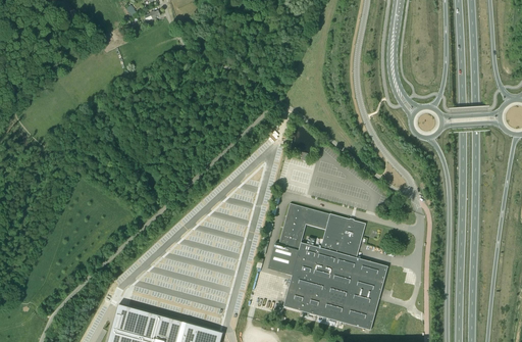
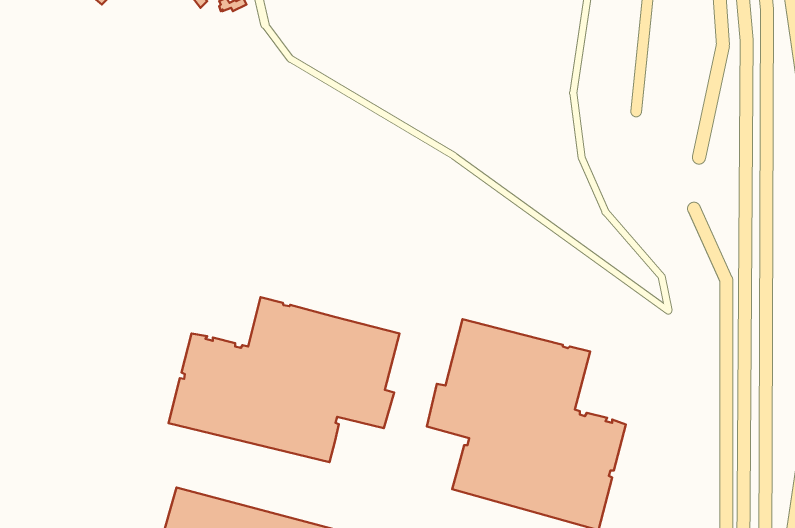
building: none -> [168,297,400,462]

